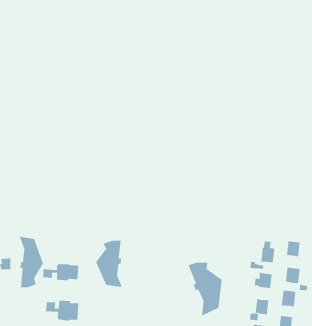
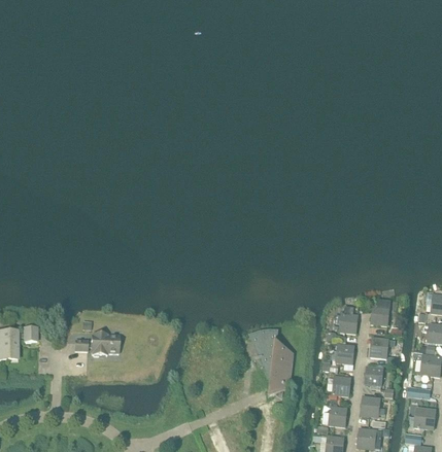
building: [17,236,43,288] -> none
building: [96,240,125,288] -> none
building: [45,300,79,322] -> none

